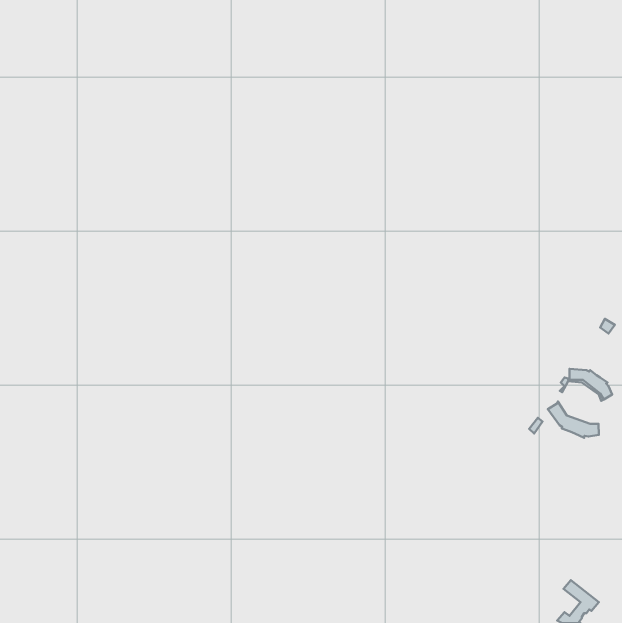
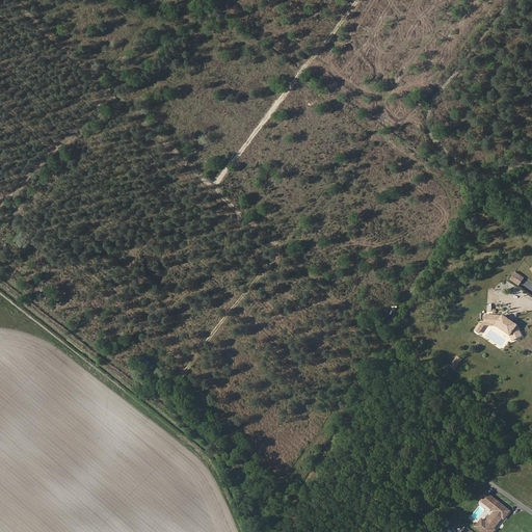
building: [548,401,599,438] -> none

